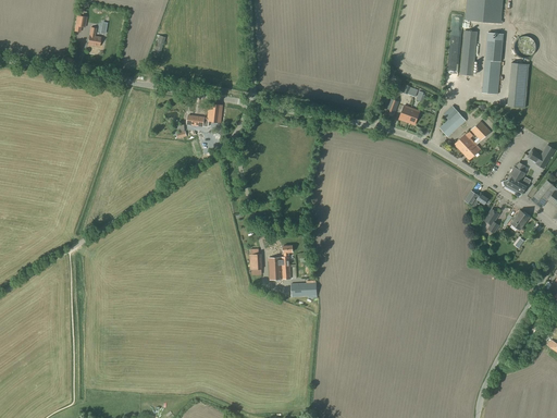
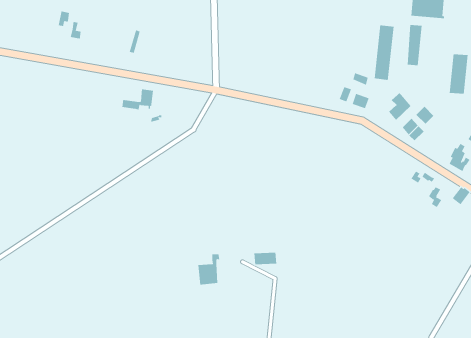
building: [481,32,504,94] -> [374,25,394,81]
building: [187,102,223,126] -> [121,89,154,110]
building: [268,245,293,280] -> [198,254,220,285]

